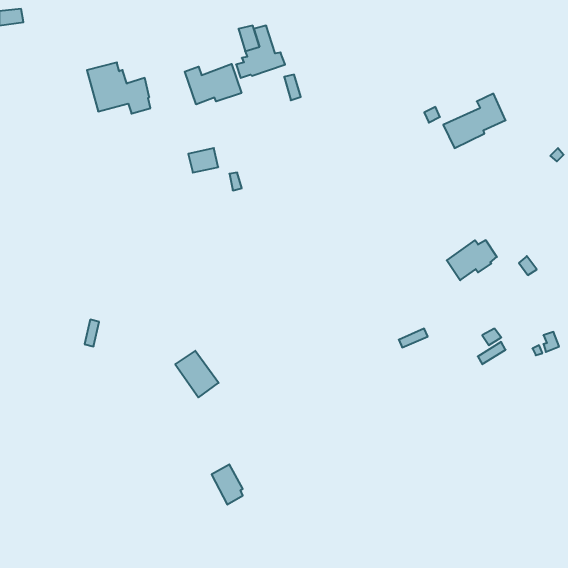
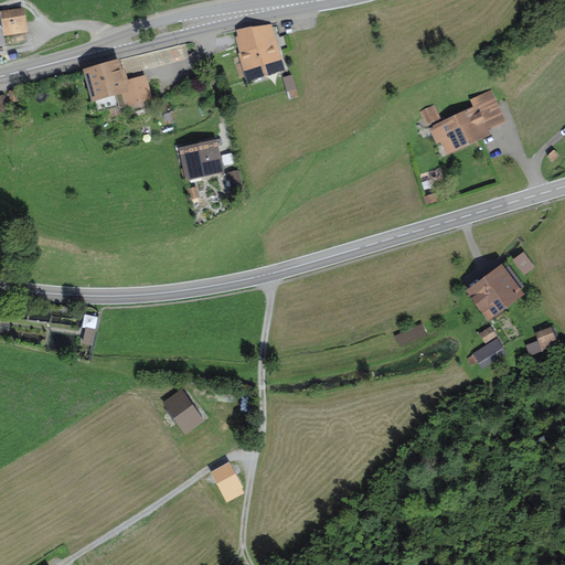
building: [185,64,241,104] -> none
building: [447,240,497,280] -> [471,271,521,311]
building: [175,351,219,397] -> [160,387,203,434]

